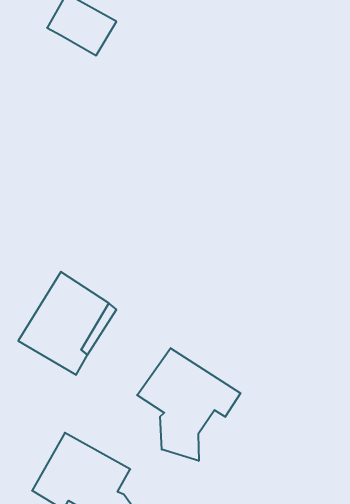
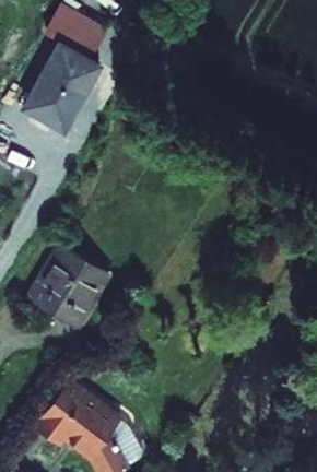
building: none -> [24,36,102,123]
building: [137,348,240,461] -> none

